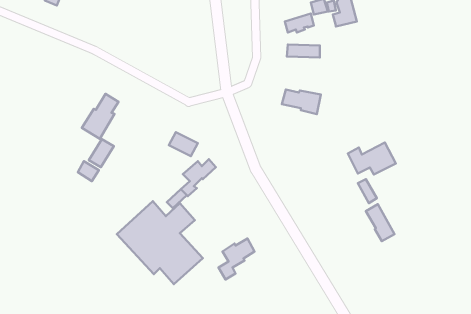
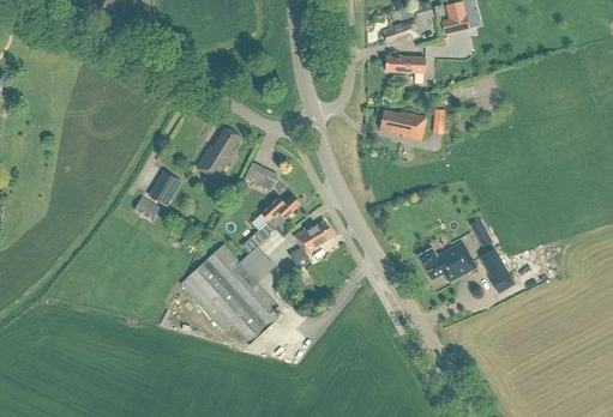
building: [82,94,119,139] -> [196,127,240,181]
building: [348,143,396,175] -> [419,242,476,280]
building: [218,238,254,279] -> [290,220,333,270]

